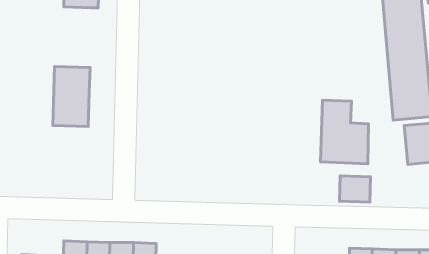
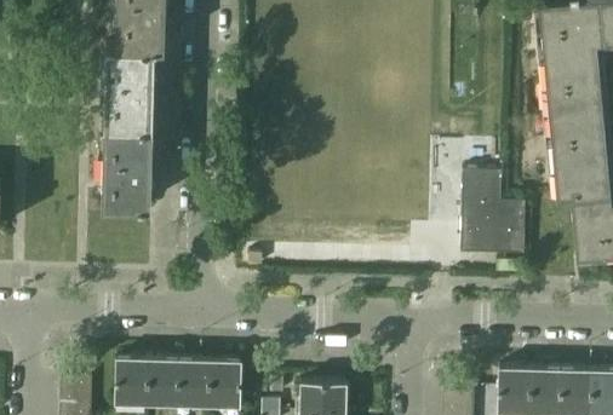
building: none -> [105,47,154,128]
building: [340,176,370,202] -> none

